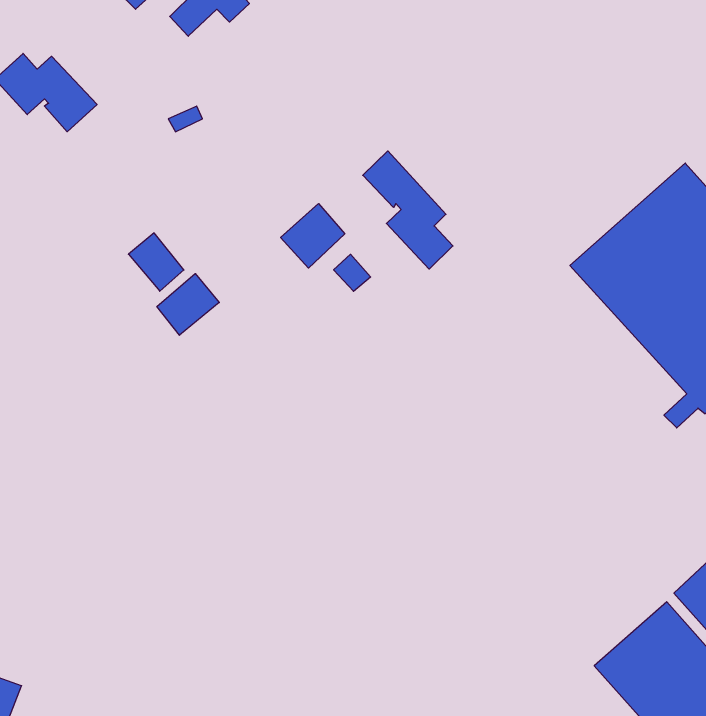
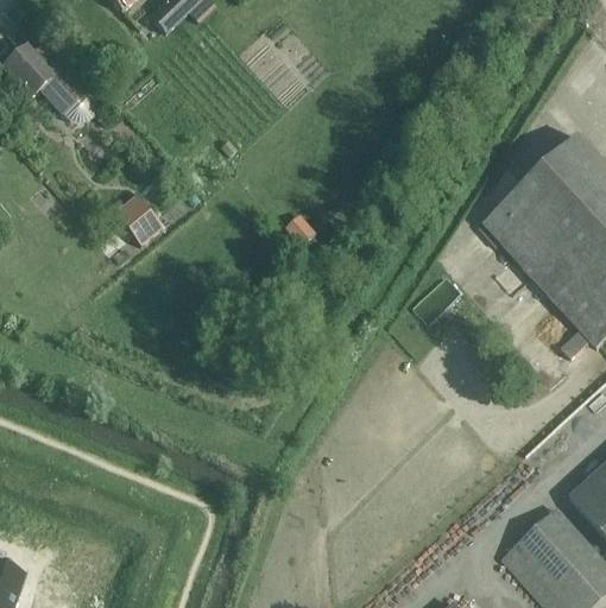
building: [363,151,453,269] -> none
building: [281,204,345,268] -> none
building: [157,274,219,335] -> none

